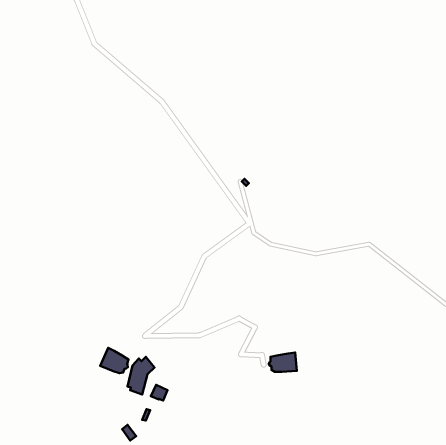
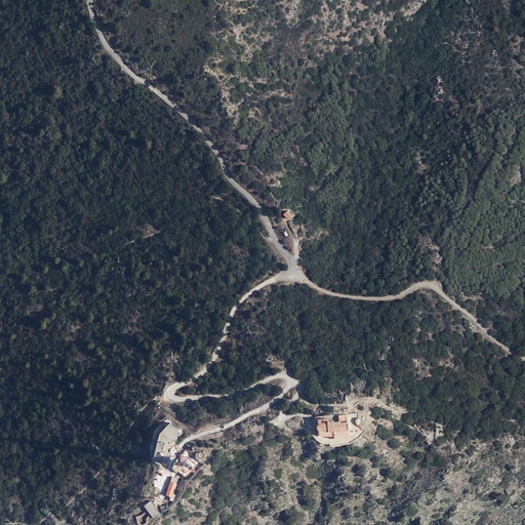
building: [100,348,129,373] -> none

